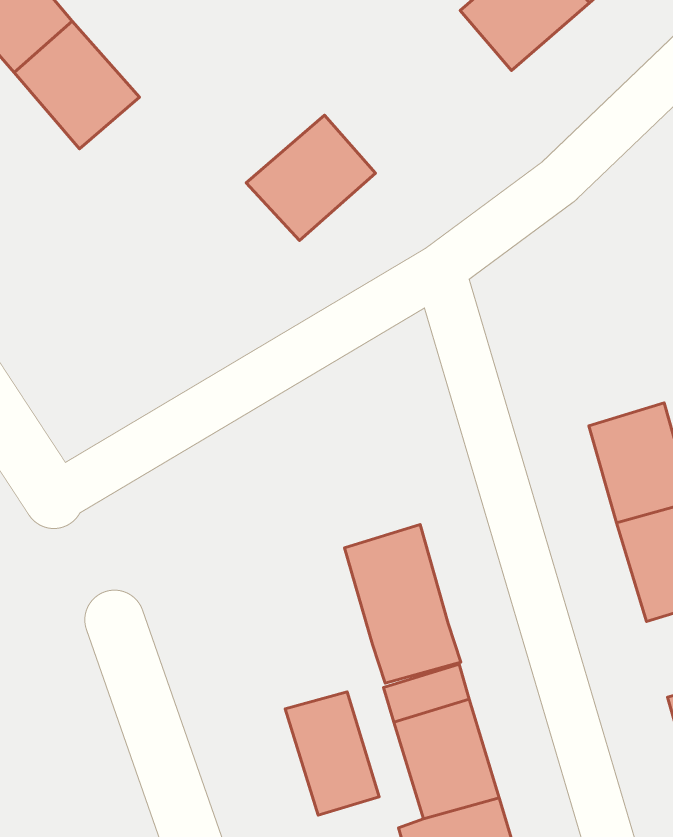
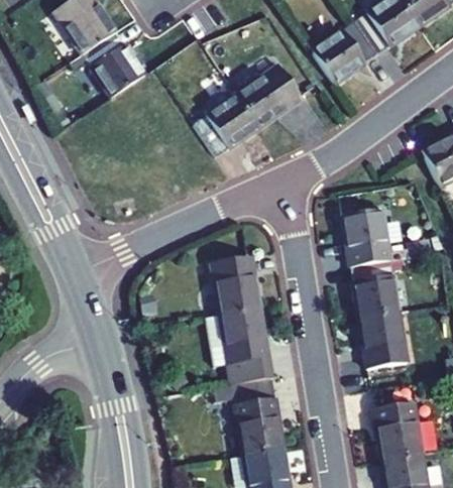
building: none -> [237,65,302,126]
building: none -> [343,209,390,266]
building: none -> [212,255,260,313]
building: [285,692,379,815] -> none

